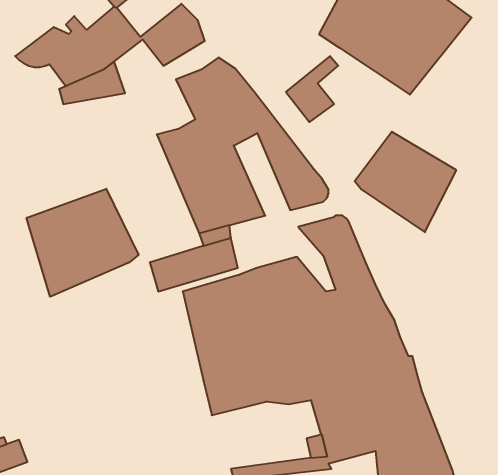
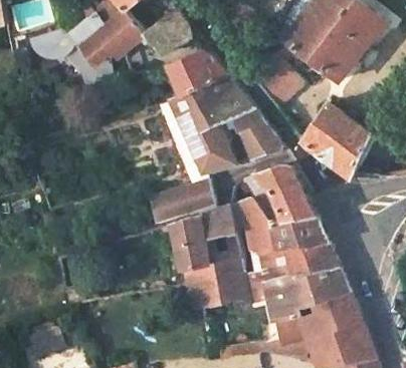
building: [27,189,139,297] -> none

